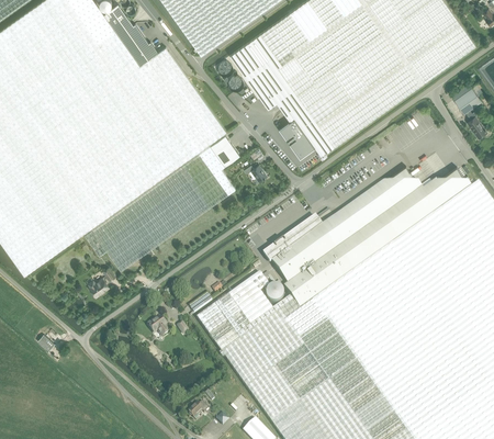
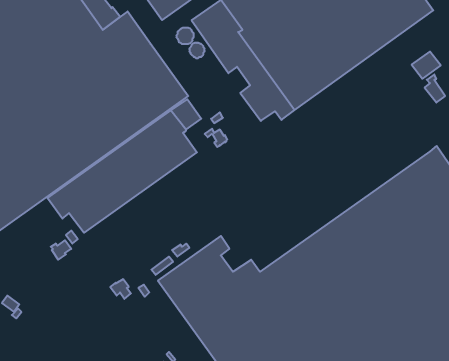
building: [263,166,472,309] -> none

